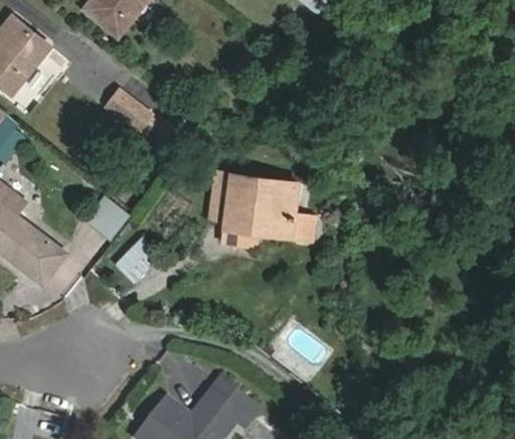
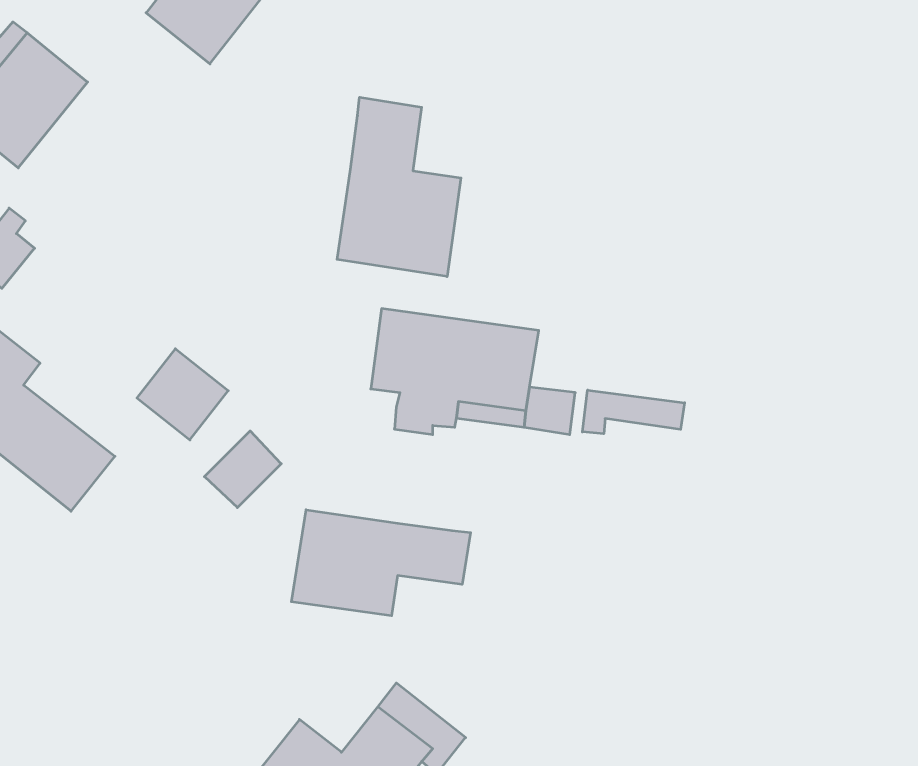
building: none -> [337,97,461,277]
building: [107,91,152,132] -> none
building: none -> [582,390,685,434]
building: none -> [291,510,471,616]

